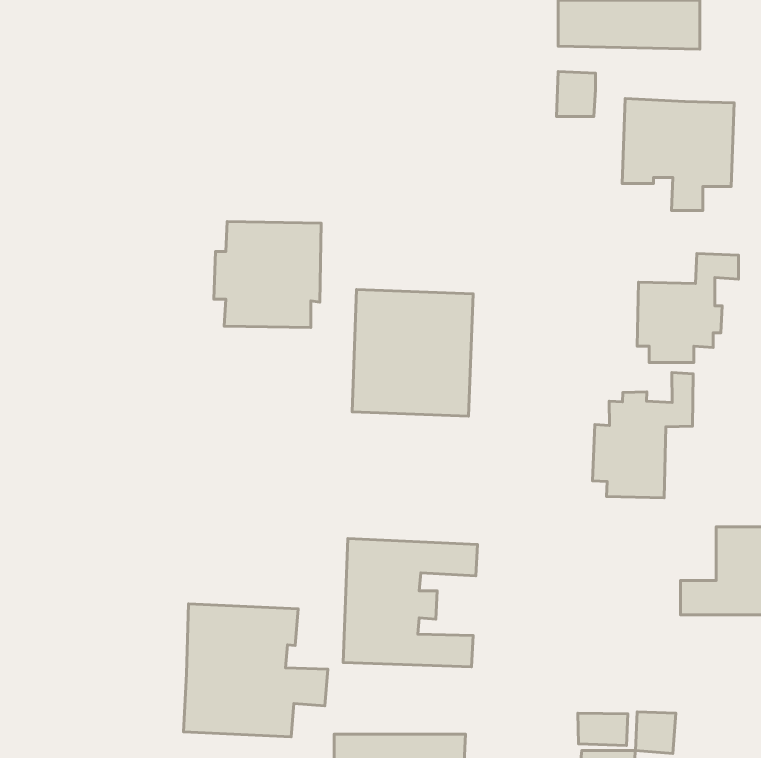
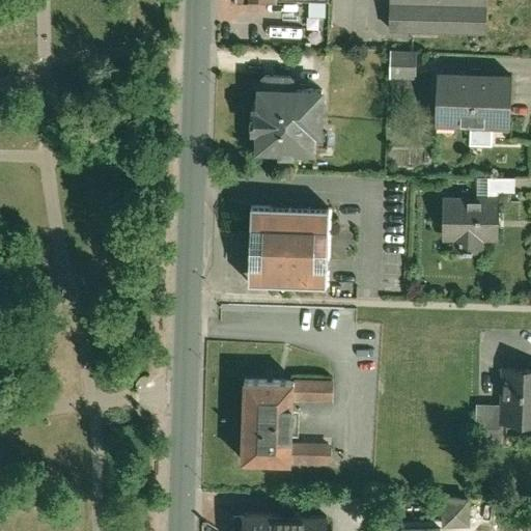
building: [214,222,321,328] -> [247,83,322,157]
building: [592,373,693,498] -> none
building: [183,604,328,737] -> none
building: [578,713,628,746] -> none

